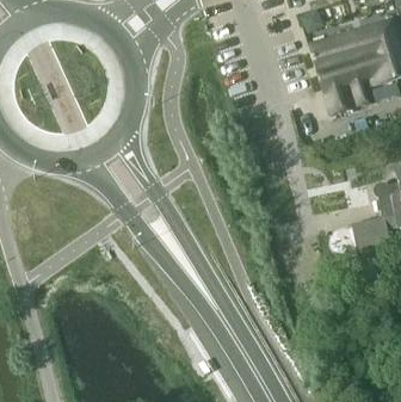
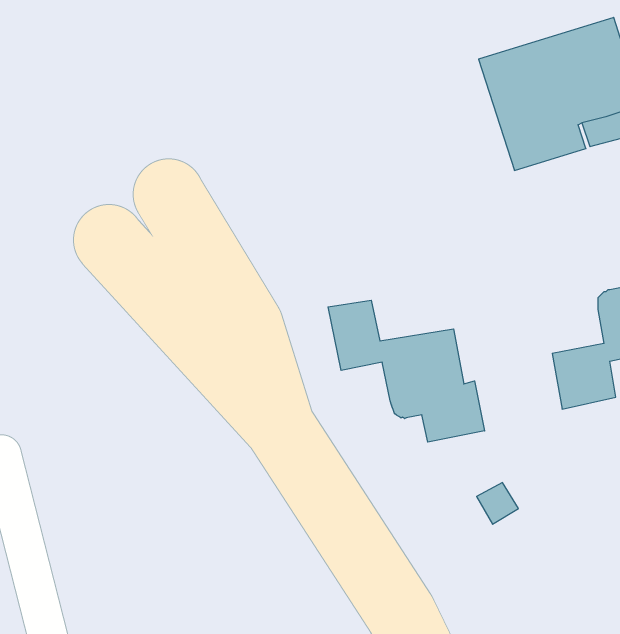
building: none -> [328,300,485,442]

